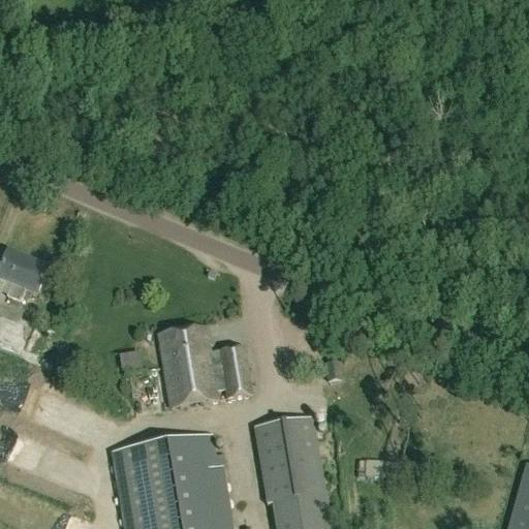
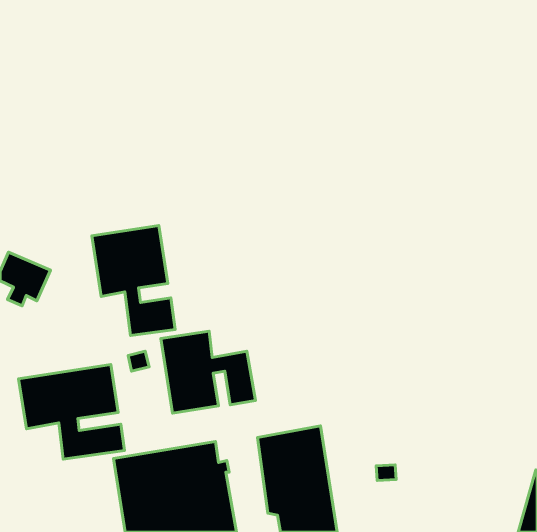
building: none -> [92,226,175,336]
building: none -> [19,364,125,459]

